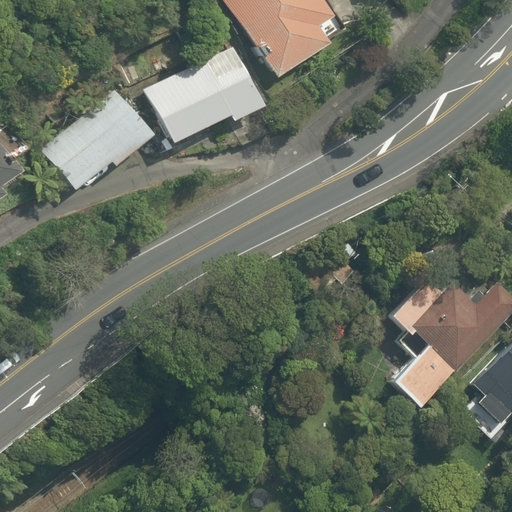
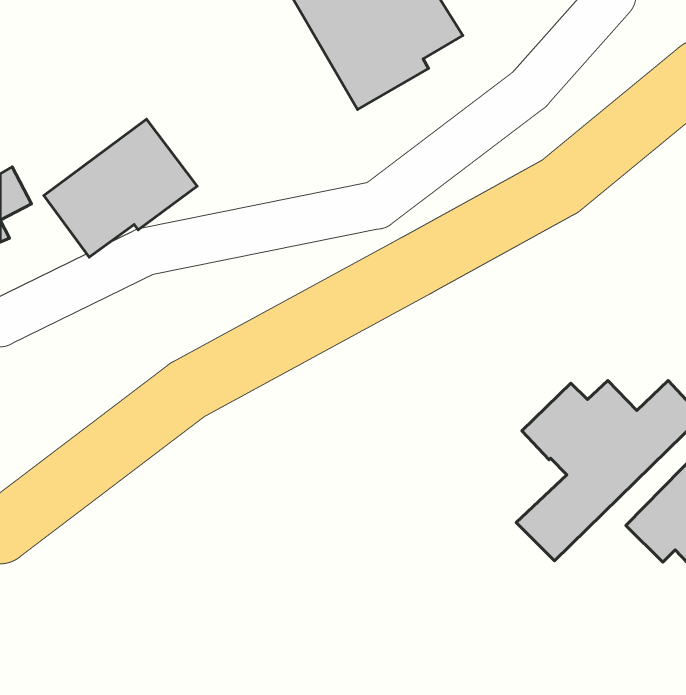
building: [145,44,268,144] -> none

